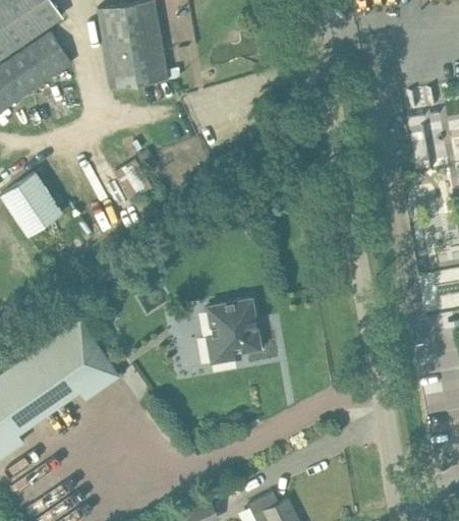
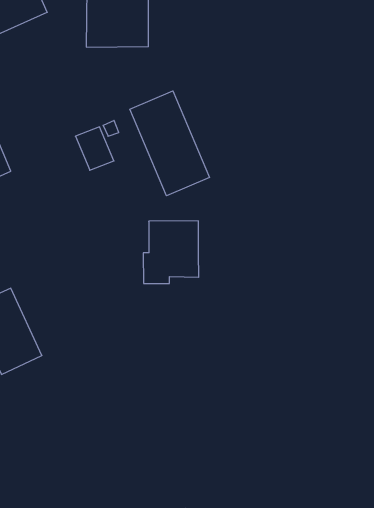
building: none -> [130,91,210,196]
building: [206,298,260,363] -> [143,221,199,283]

